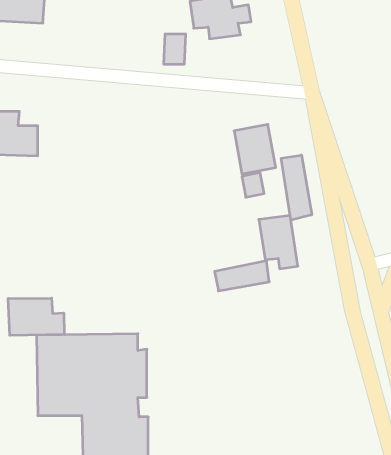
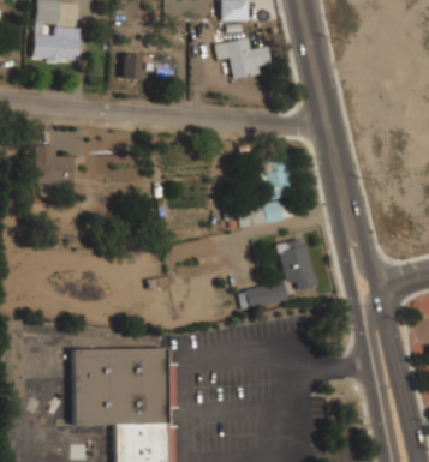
building: [164,34,186,64] -> [123,52,143,79]
building: [281,155,312,220] -> none
building: [8,298,64,335] -> none

